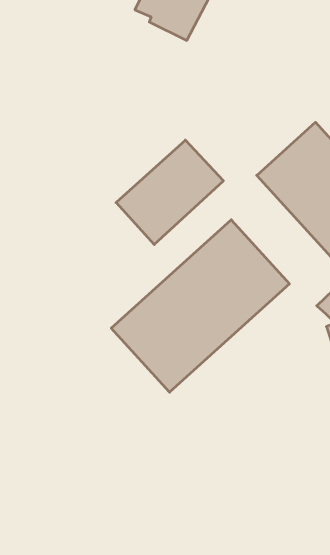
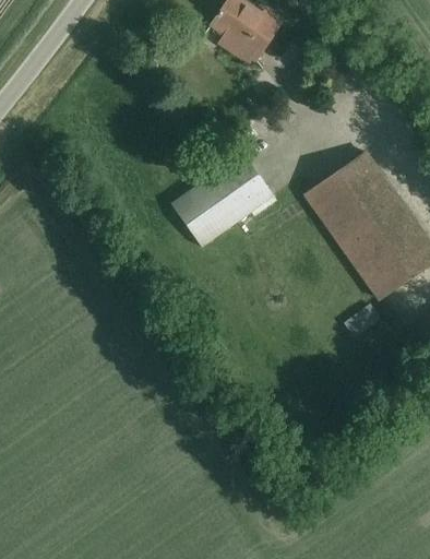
building: [111,220,289,392] -> none

